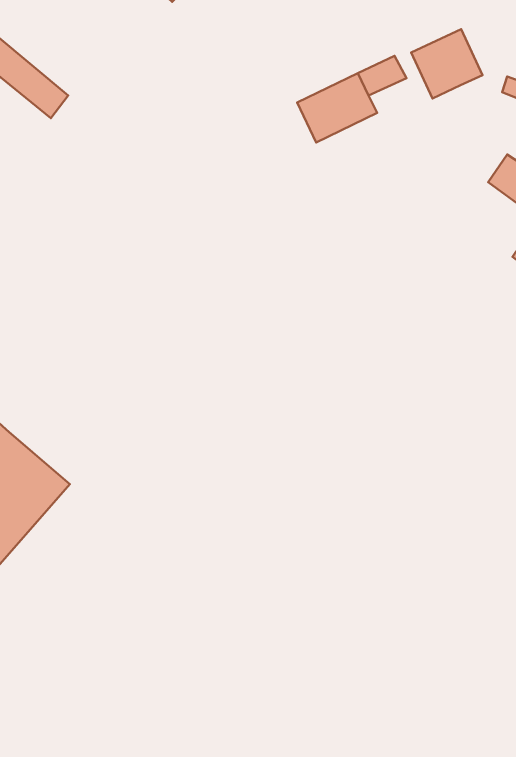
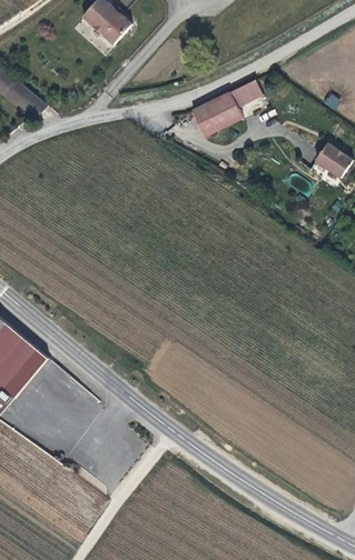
building: [411,29,482,98] -> none

